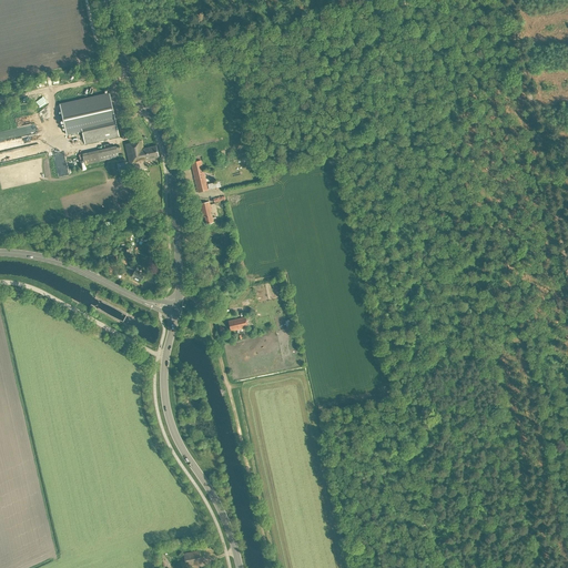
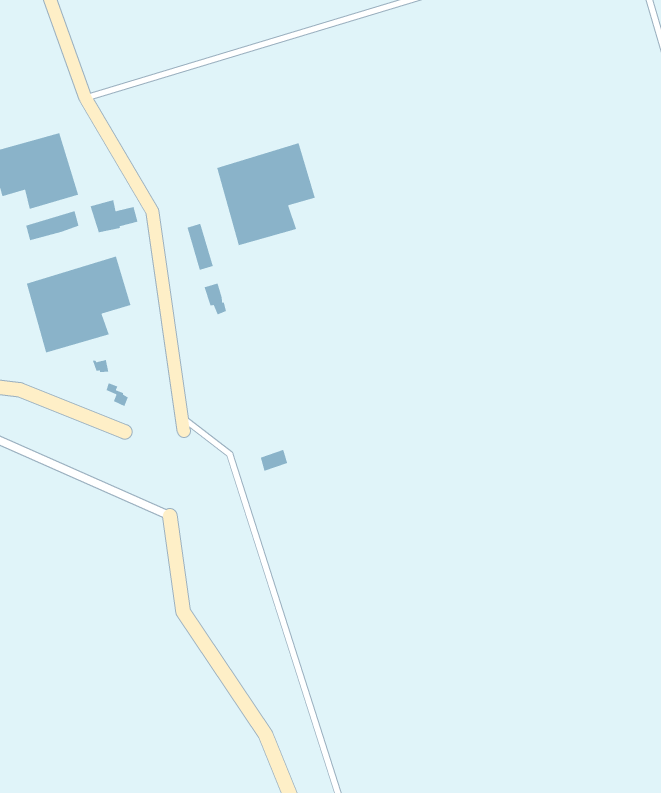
building: none -> [216,142,316,246]
building: none -> [26,255,131,354]

